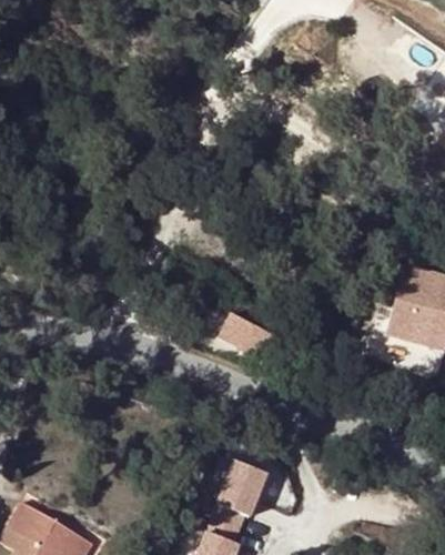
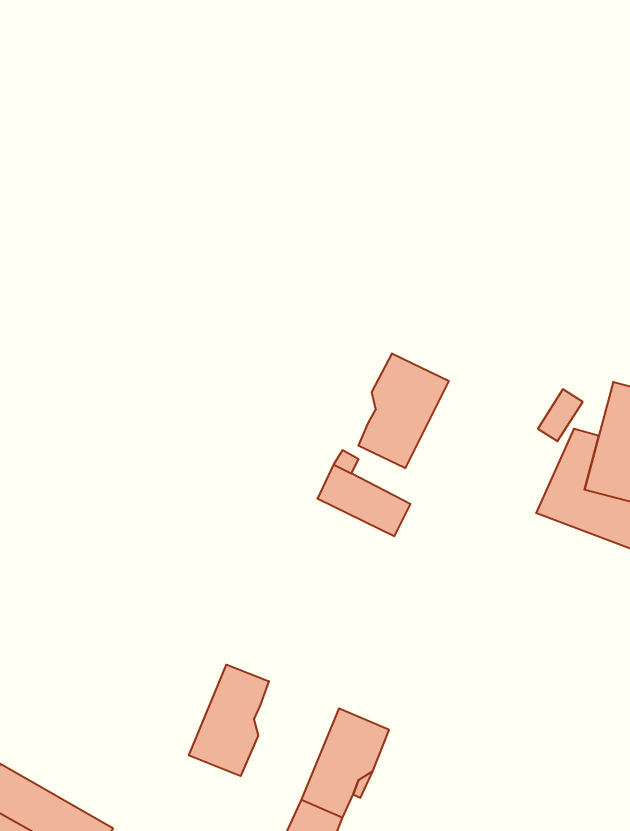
building: none -> [358,353,449,468]
building: none -> [189,665,269,776]

